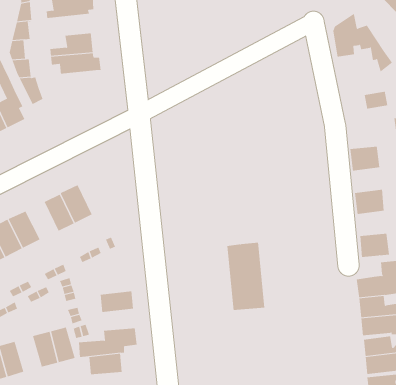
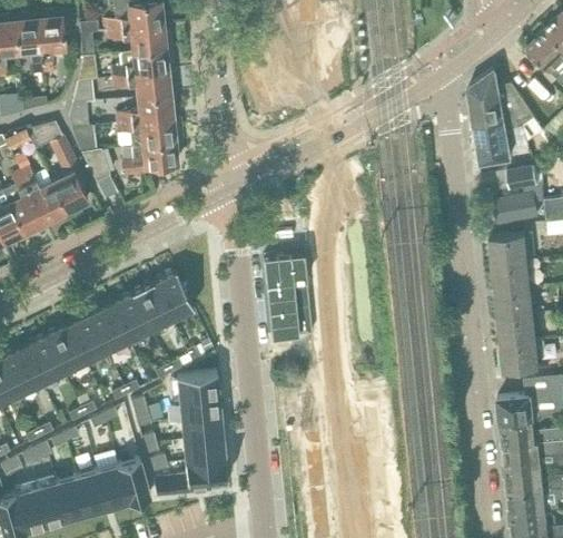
building: none -> [113,71,169,98]
building: none -> [473,110,516,164]
building: none -> [122,141,177,176]
building: none -> [493,196,537,225]
building: none -> [492,262,530,293]
building: none -> [152,272,192,320]
building: none -> [88,304,128,351]
building: none -> [497,315,535,346]
building: [226,242,265,310] -> [264,253,312,338]
building: none -> [176,373,219,419]
building: none -> [75,470,107,515]
building: [88,353,123,375] -> [181,437,224,463]

